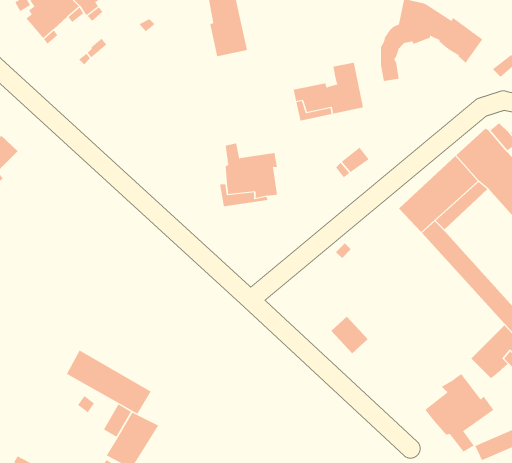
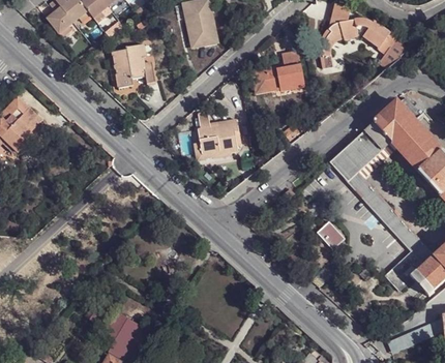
building: none -> [380,35,410,66]
building: none -> [113,43,157,87]
building: [330,316,369,354] -> [316,219,345,248]
building: [66,350,152,414] -> none
building: [424,373,494,452] -> none

